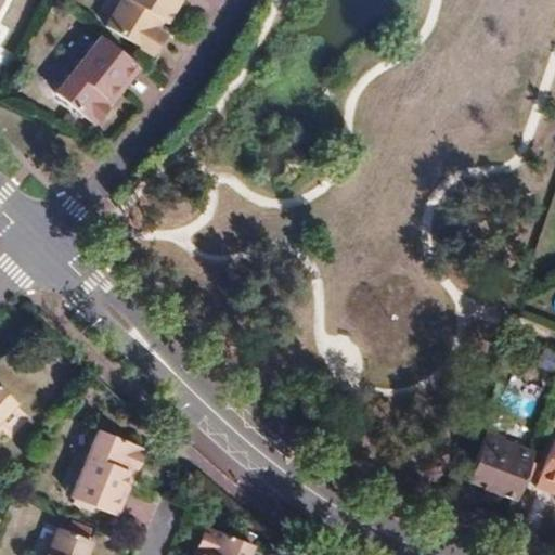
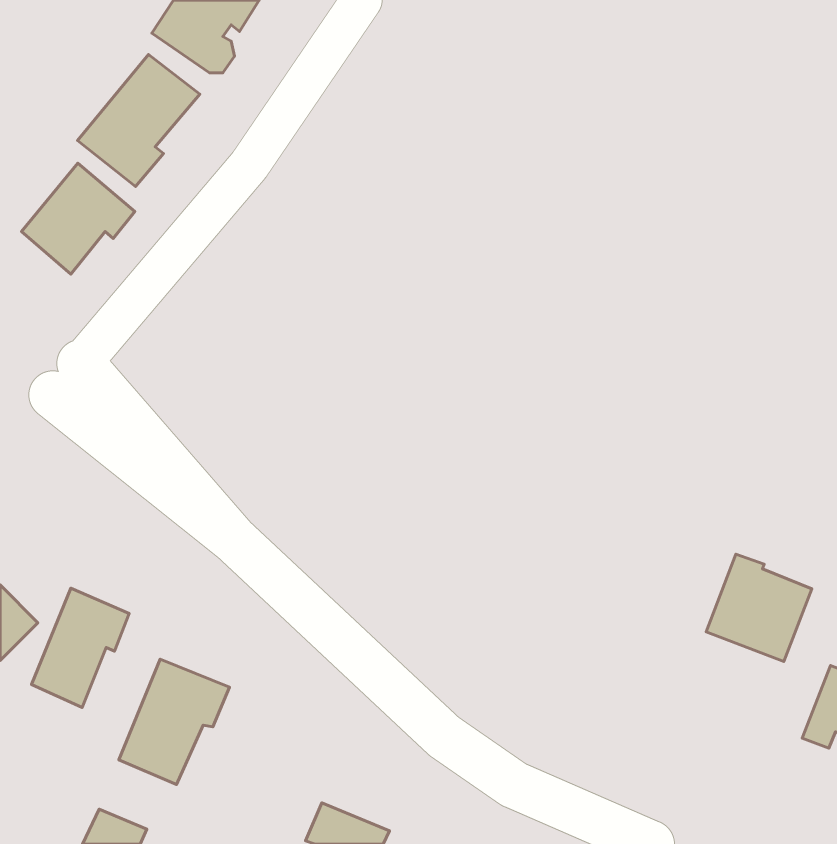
building: none -> [21,163,135,274]
building: none -> [32,588,129,707]
building: [461,427,530,498] -> [706,554,812,661]

